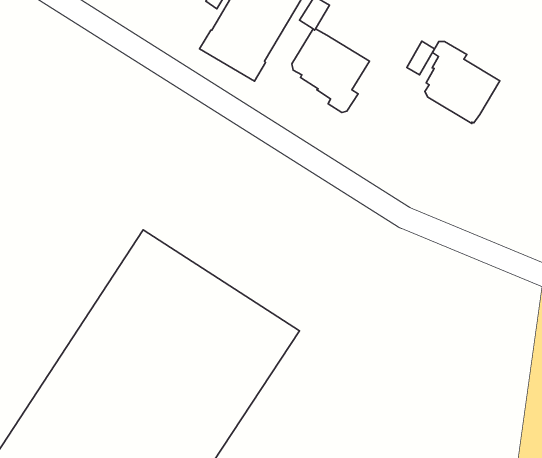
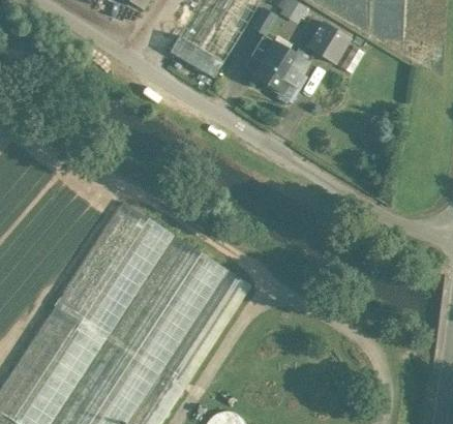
building: none -> [306,21,350,63]
building: [425,41,500,123] -> none

